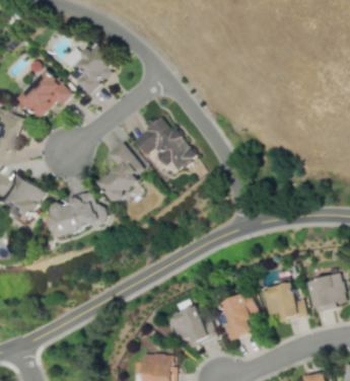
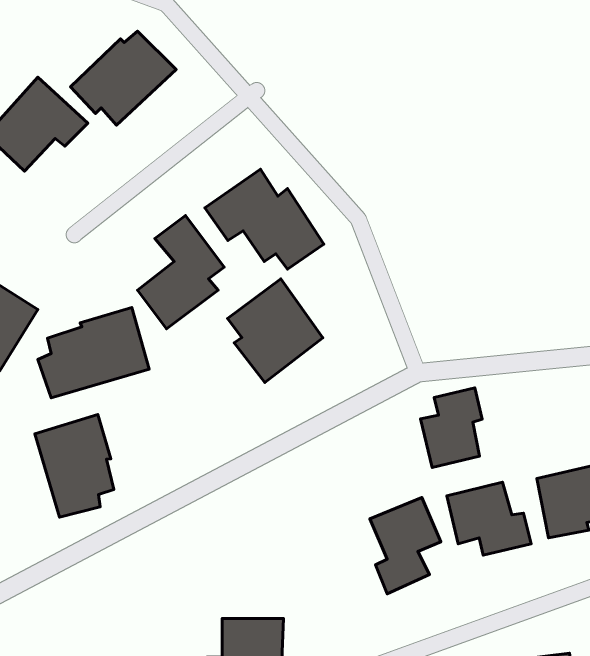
building: none -> [227,279,323,383]
building: none -> [420,388,482,468]
building: none -> [35,415,114,517]
building: [172,308,208,344] -> none

